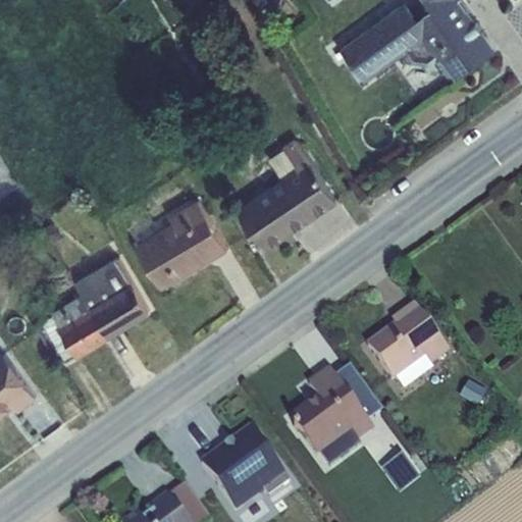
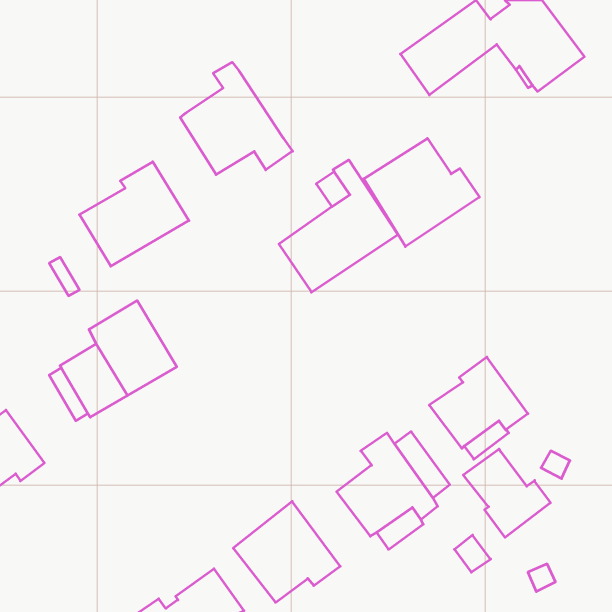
building: none -> [180,62,293,175]
building: none -> [364,138,479,247]
building: [135,200,227,289] -> [79,162,189,266]
building: none -> [463,449,550,537]

